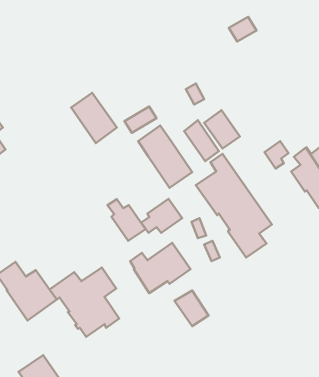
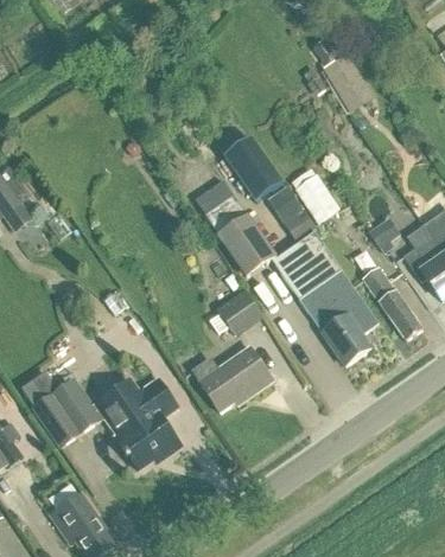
building: [71,93,117,143] -> [223,137,282,203]
building: none -> [363,267,422,340]
building: [107,199,146,241] -> none
building: [175,290,209,326] -> none

